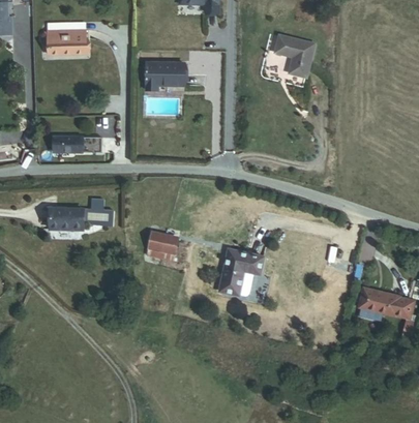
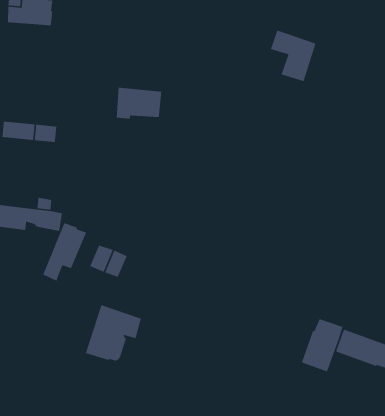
building: [145,63,183,90] -> [116,87,162,120]
building: none -> [42,222,87,282]
building: [217,247,263,295] -> [85,304,142,361]
building: none -> [301,318,343,372]

